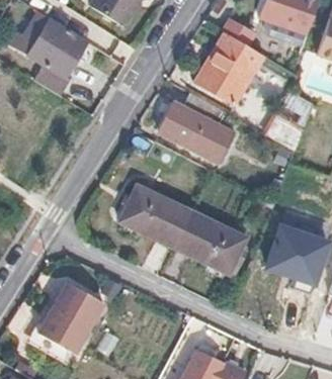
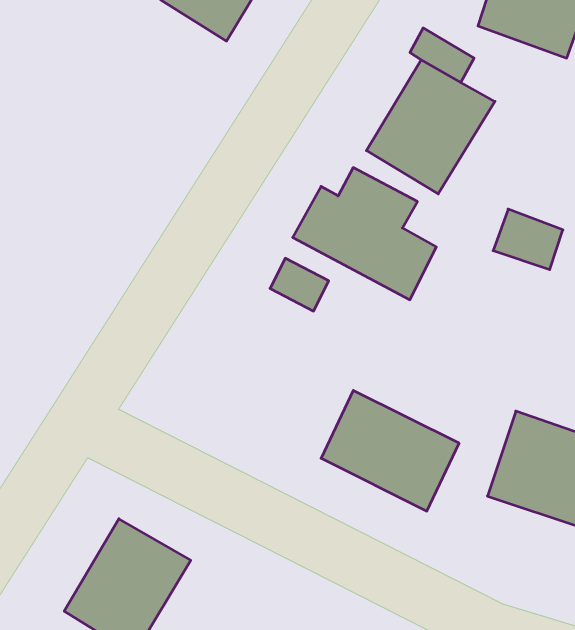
building: [7,10,85,94] -> none
building: [118,185,190,248] -> none

